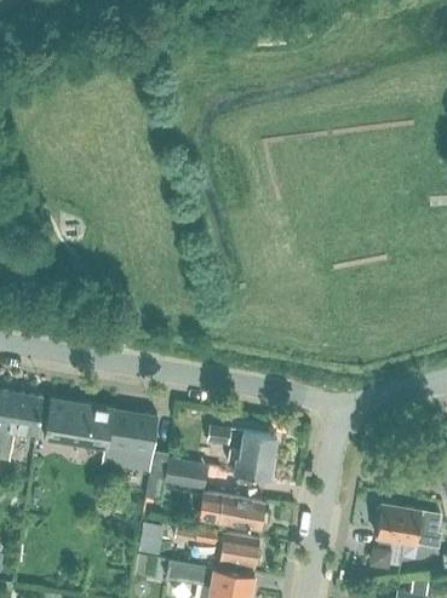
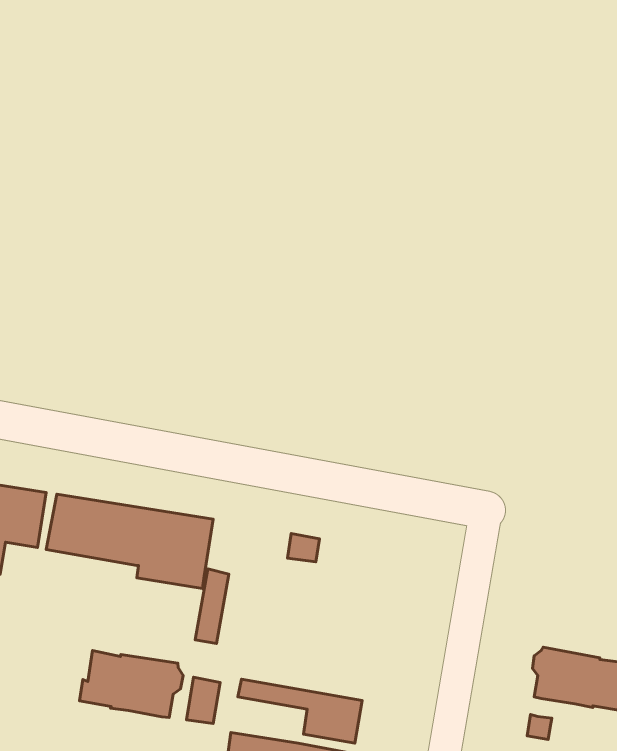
building: [228,431,277,479] -> none
building: [165,459,208,488] -> none
building: [199,493,267,529] -> none
building: none -> [79,650,183,717]

